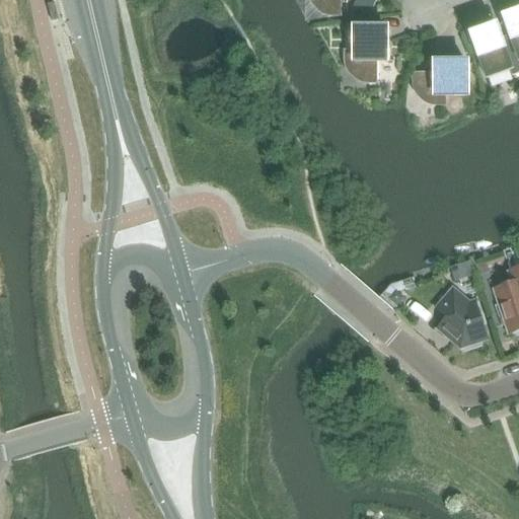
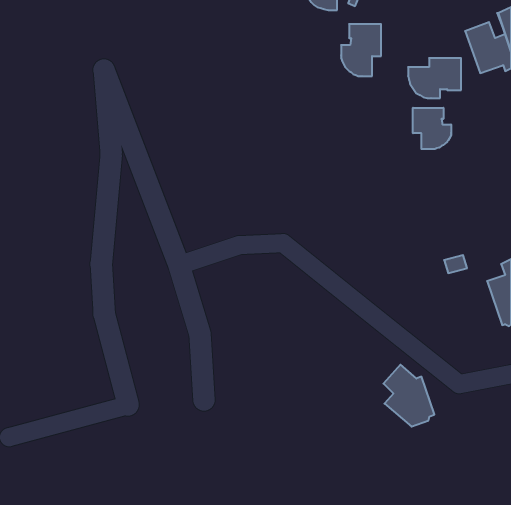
building: none -> [413,108,451,149]
building: [436,285,488,348] -> [383,365,434,427]

